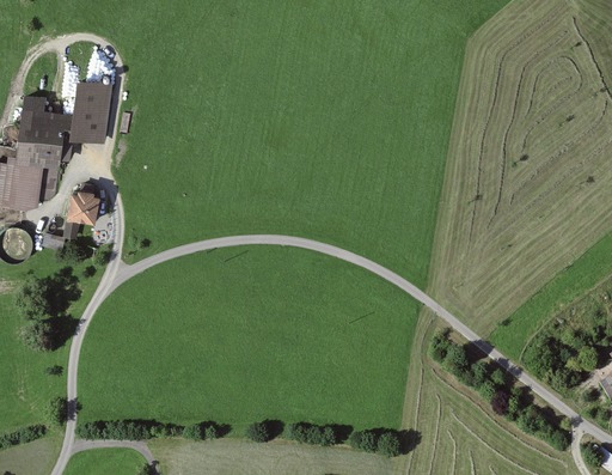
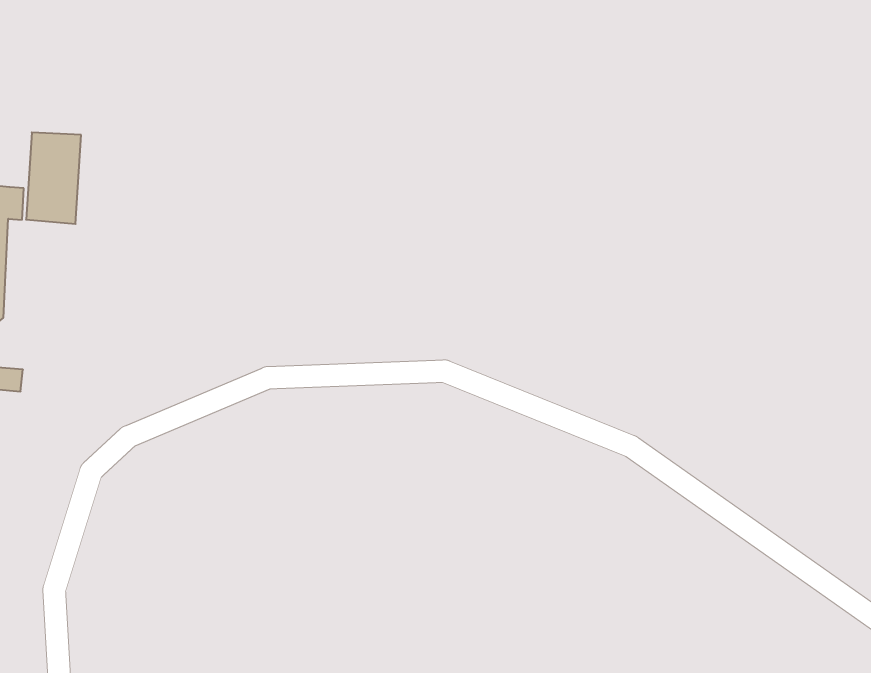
building: [69,191,98,223] -> none

